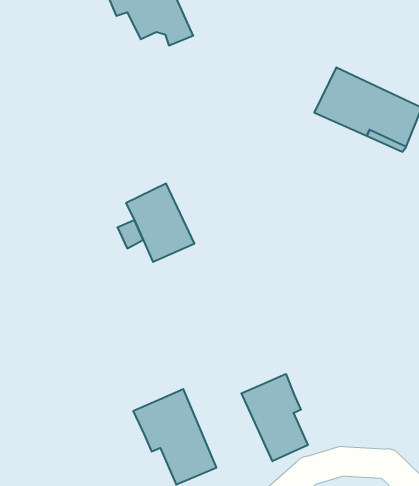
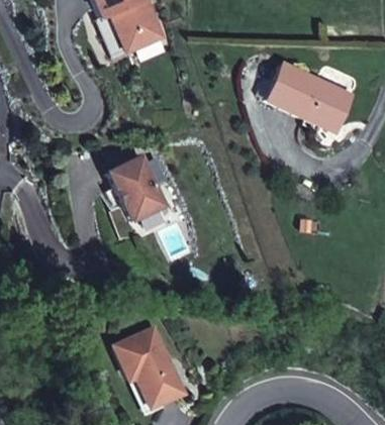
building: none -> [96,17,145,59]
building: [241,374,308,461] -> none

